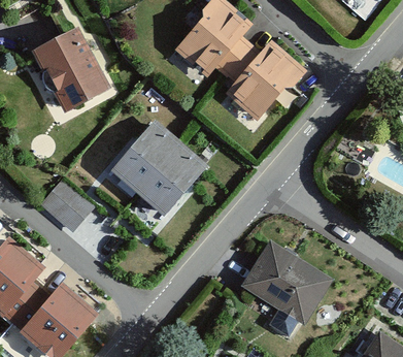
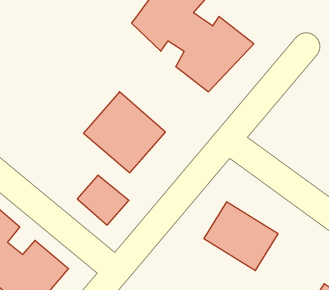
building: [29,29,108,116] -> none
building: [38,178,95,233] -> [77,175,129,225]

